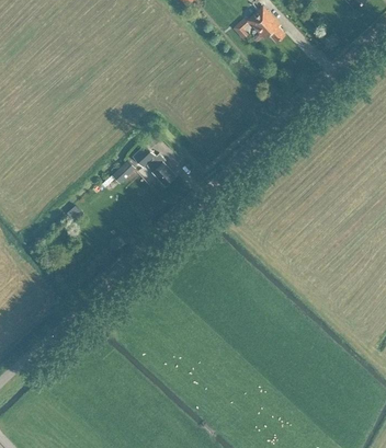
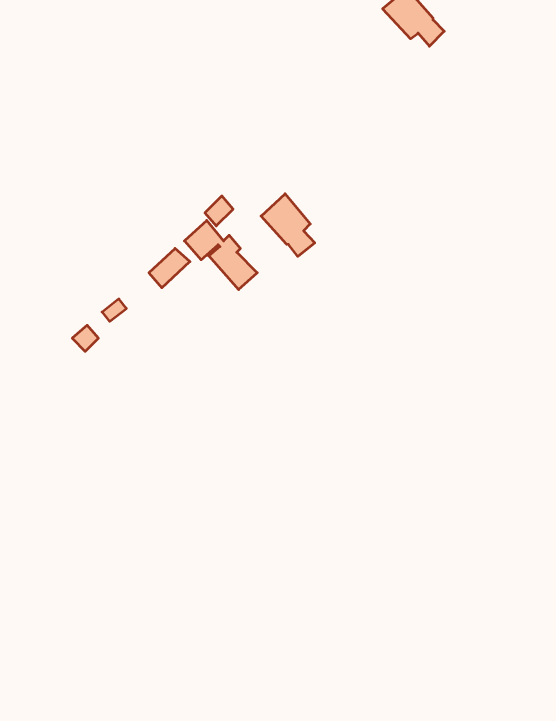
building: none -> [261,194,315,256]

